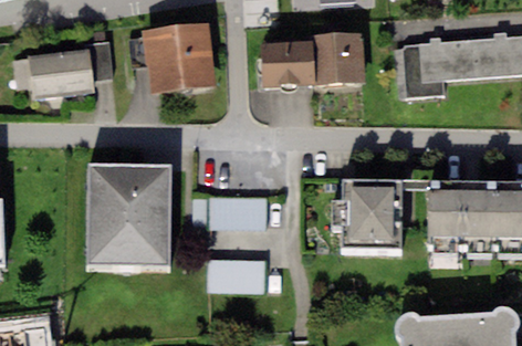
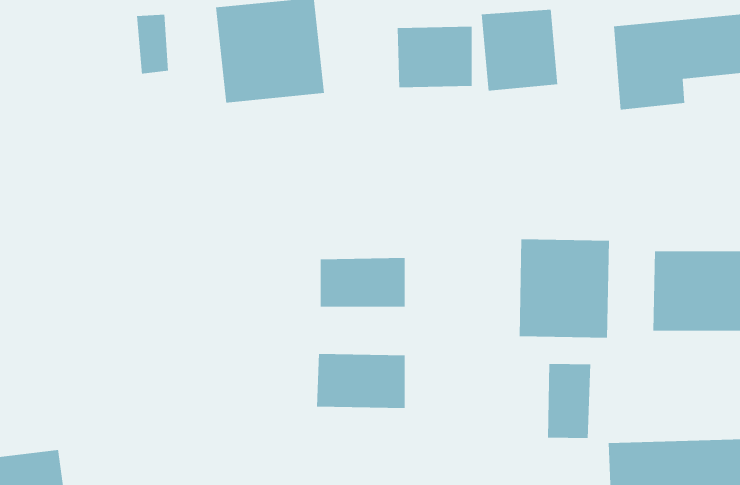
building: [28,49,93,99] -> none
building: [86,166,170,268] -> none
building: none -> [548,363,591,439]

